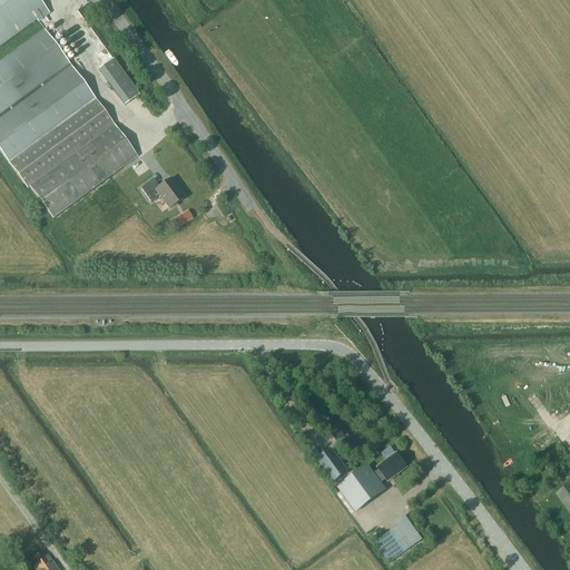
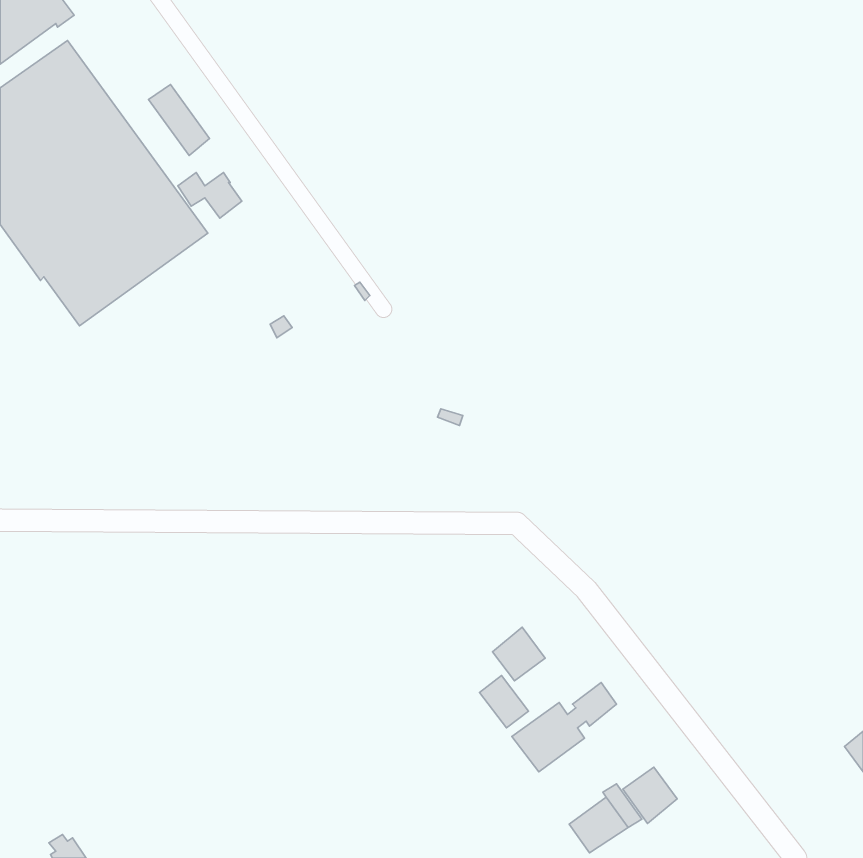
building: [141,176,184,206] -> [178,172,242,218]
building: none -> [492,627,545,681]
building: none -> [623,767,677,823]

